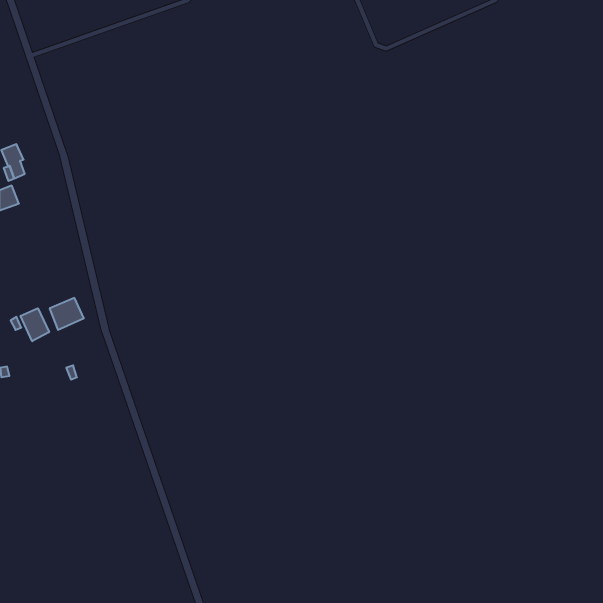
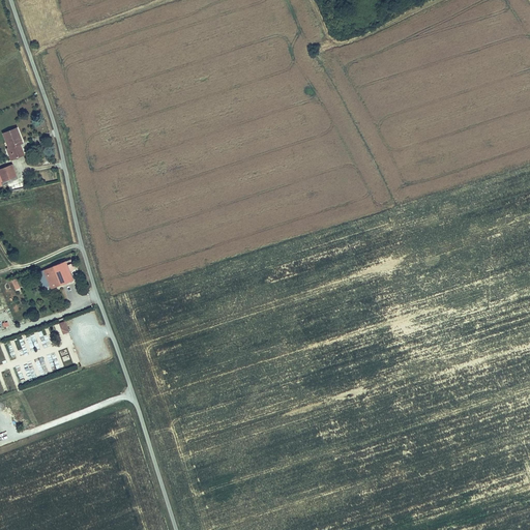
building: [21,308,49,341] -> none

